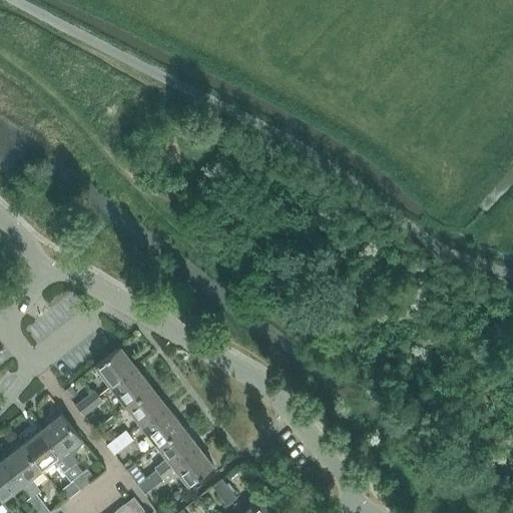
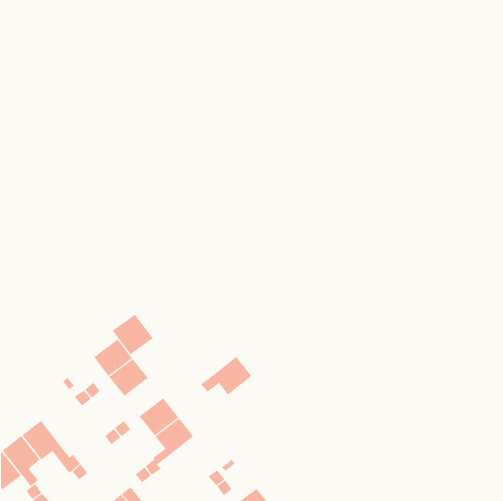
building: none -> [112,314,154,355]
building: [126,387,166,426] -> none
building: [42,414,84,467] -> none
building: [160,446,213,486] -> [200,356,252,395]

